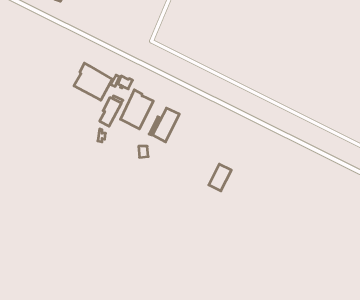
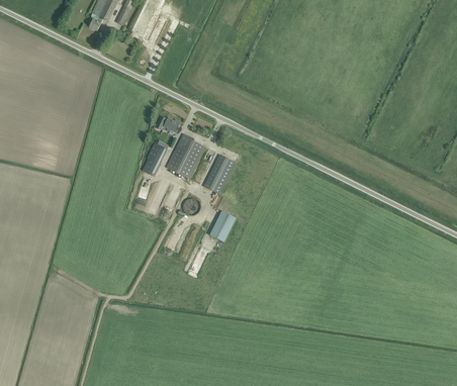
building: [74,63,112,100] -> none
building: [209,164,231,191] -> [208,211,235,243]

